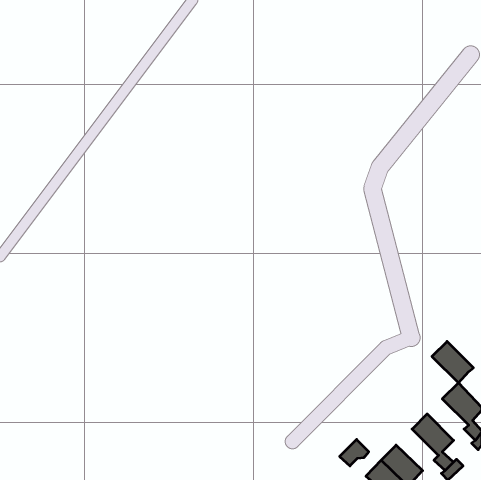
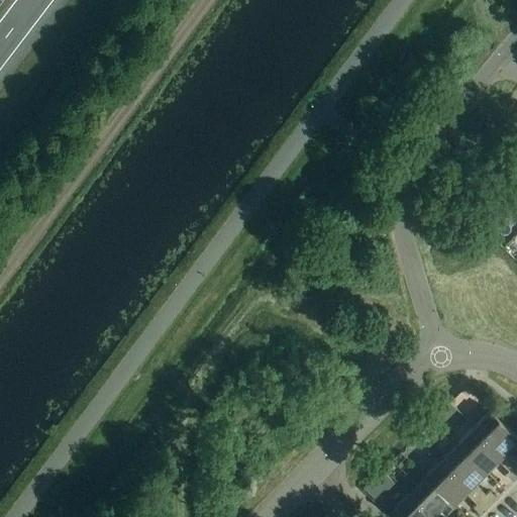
building: [432,341,473,383] -> [458,429,503,474]
building: none -> [425,461,471,506]

